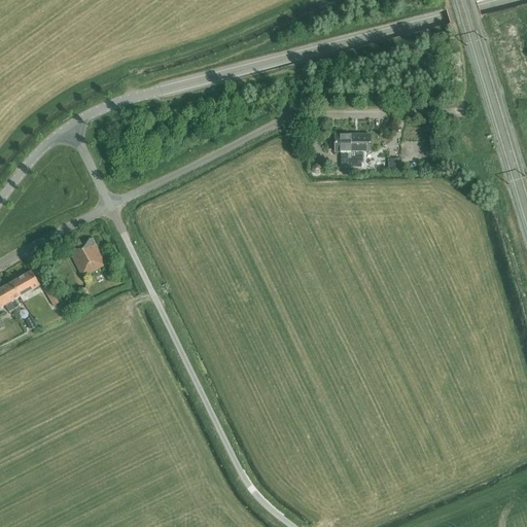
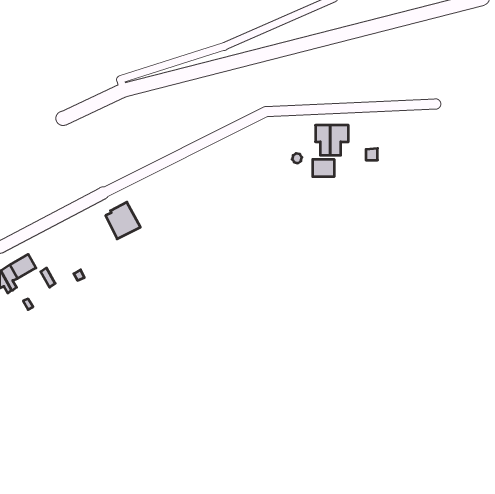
building: none -> [313,159,334,177]
building: [69,237,106,276] -> [106,202,140,239]

